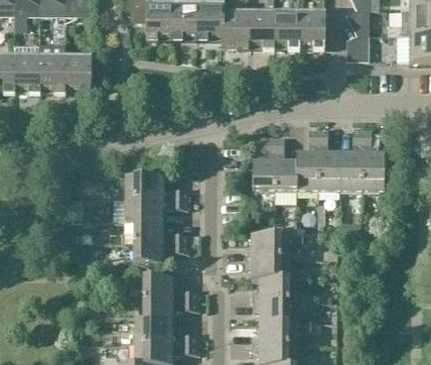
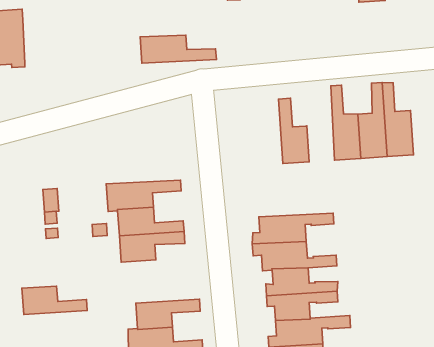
building: [63,55,91,95] -> none
building: [295,128,318,191] -> none
building: [252,136,274,191] -> none
building: [125,175,187,199] -> [140,35,216,63]
building: [143,277,196,299] -> [22,286,87,315]

